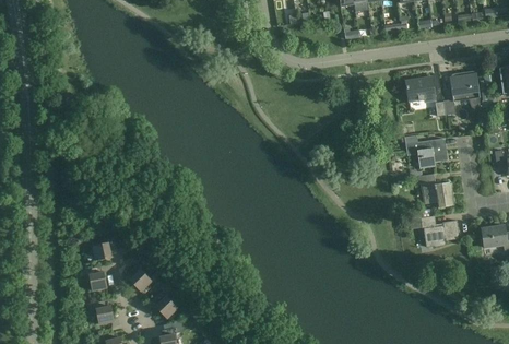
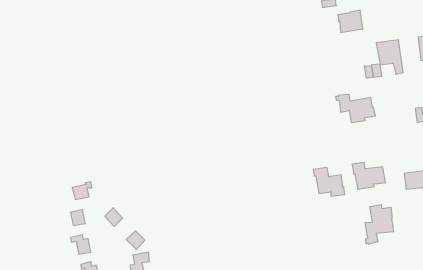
building: [405,75,435,102] -> [338,10,363,32]
building: [417,174,454,207] -> [313,168,345,196]
building: none -> [365,205,393,244]

